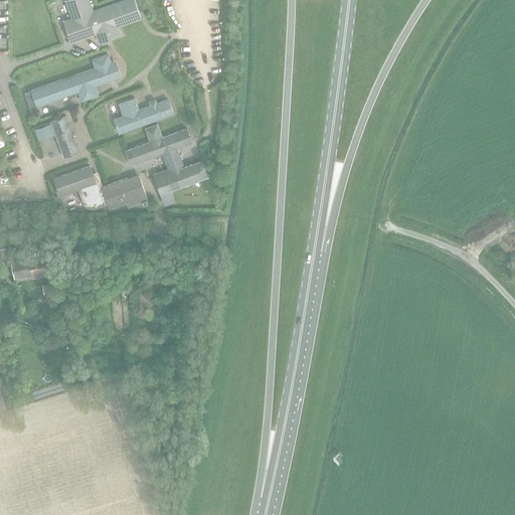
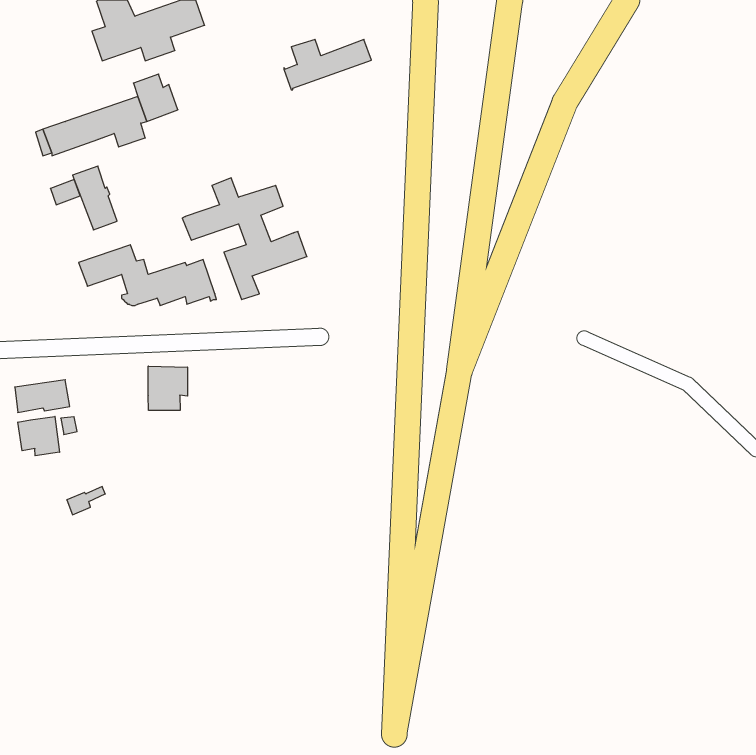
building: [114,99,173,133] -> [284,39,371,90]
building: none -> [148,366,187,410]
building: none -> [18,416,60,456]

